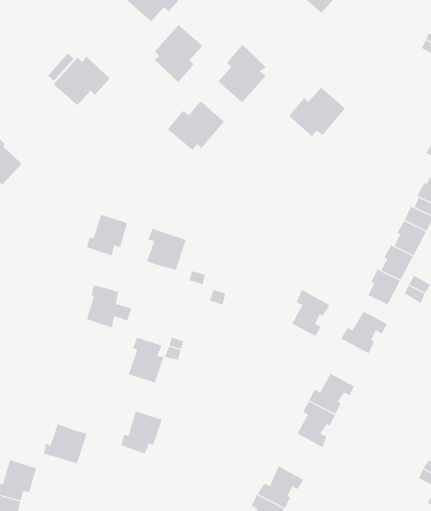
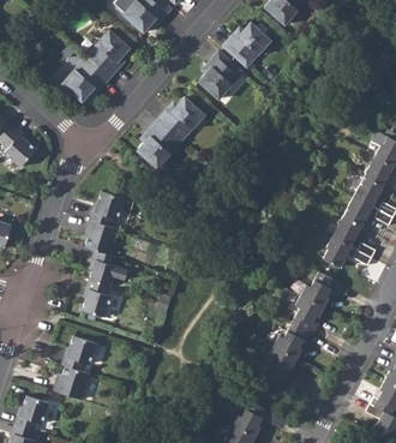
building: [154,24,203,83] -> [89,30,130,79]
building: [288,87,346,137] -> [222,23,270,65]
building: none -> [137,121,178,169]
building: [146,228,186,270] -> [84,220,118,255]
building: [291,289,330,337] -> [292,295,324,335]
building: [128,337,164,383] -> [82,280,112,318]
building: [121,411,163,454] -> [61,336,96,372]

